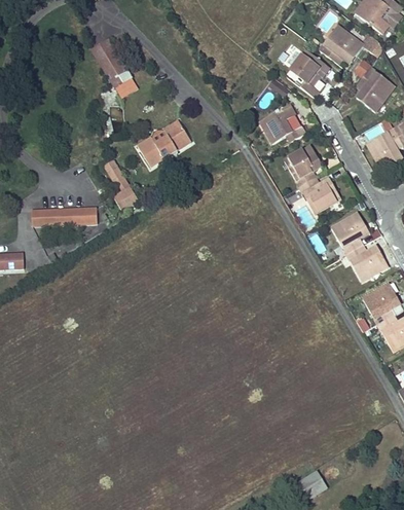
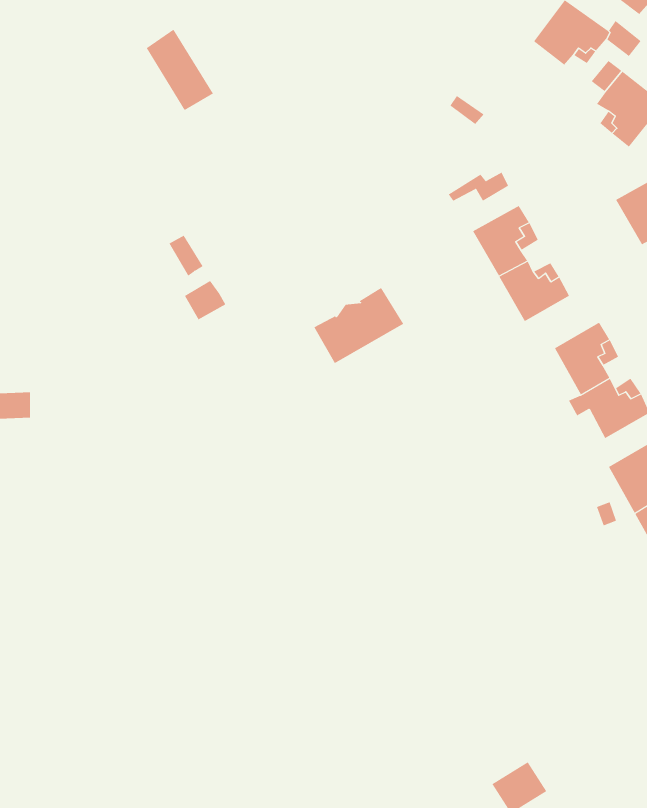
building: [290,48,328,98] -> none
building: [259,104,294,138] -> none
building: [137,122,190,168] -> [313,287,404,364]
building: [31,210,97,226] -> none

